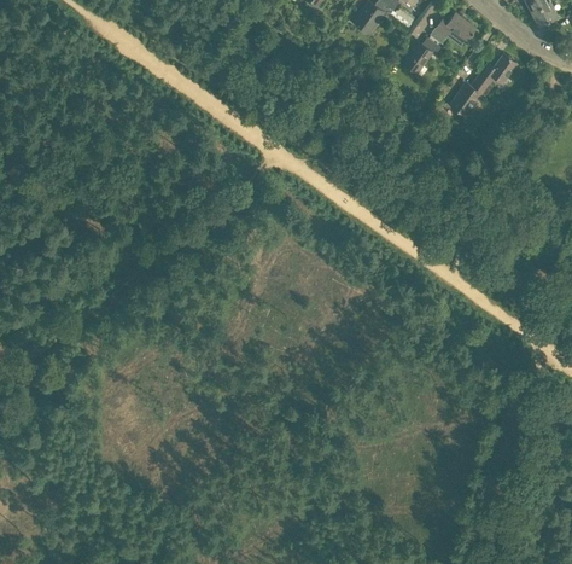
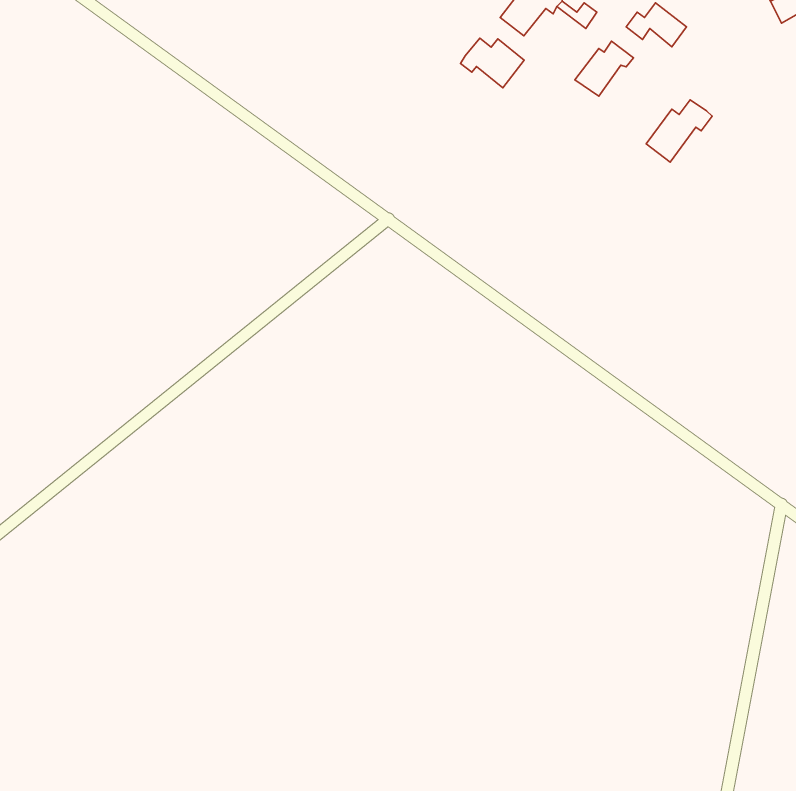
building: none -> [460,38,524,88]
building: [479,54,518,83] -> none

